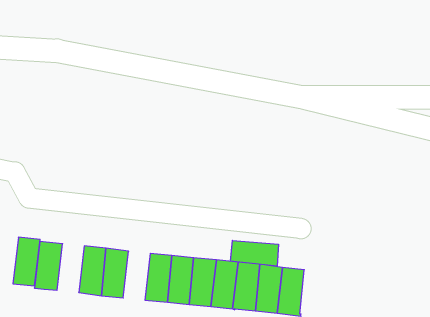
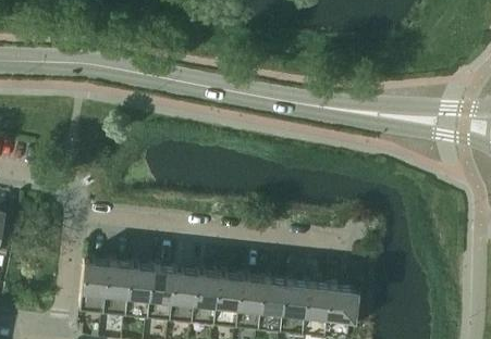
building: [13,237,40,286] -> [101,258,128,306]
building: [230,240,278,266] -> none
building: none -> [168,265,195,314]

